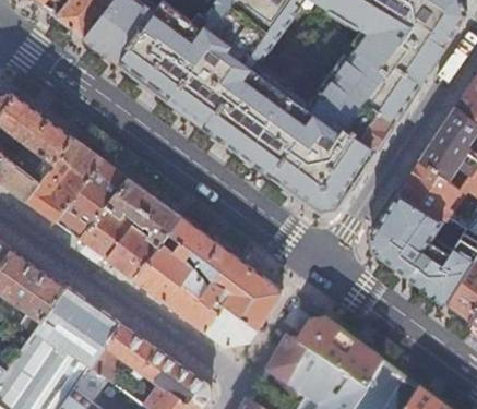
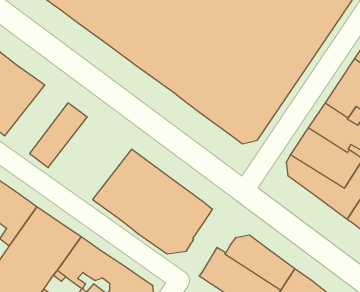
building: [26,137,104,221] -> none
building: [80,177,182,278] -> none

